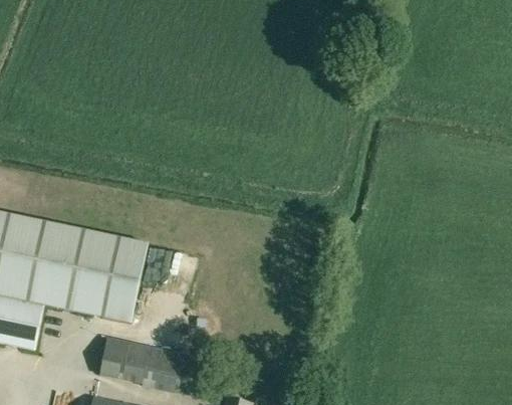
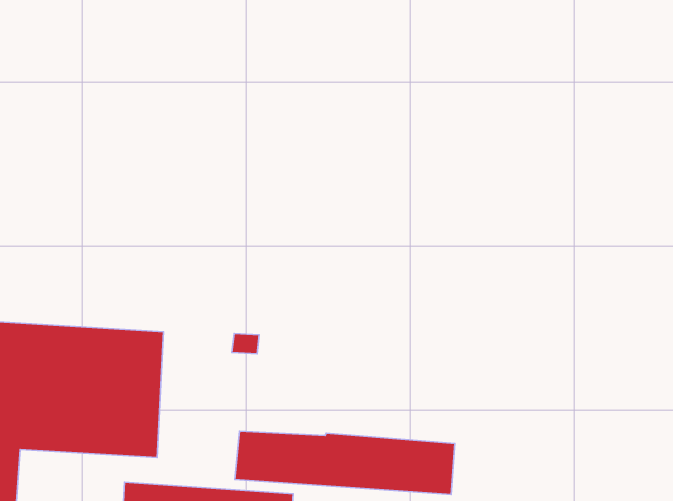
building: none -> [235,431,455,495]

